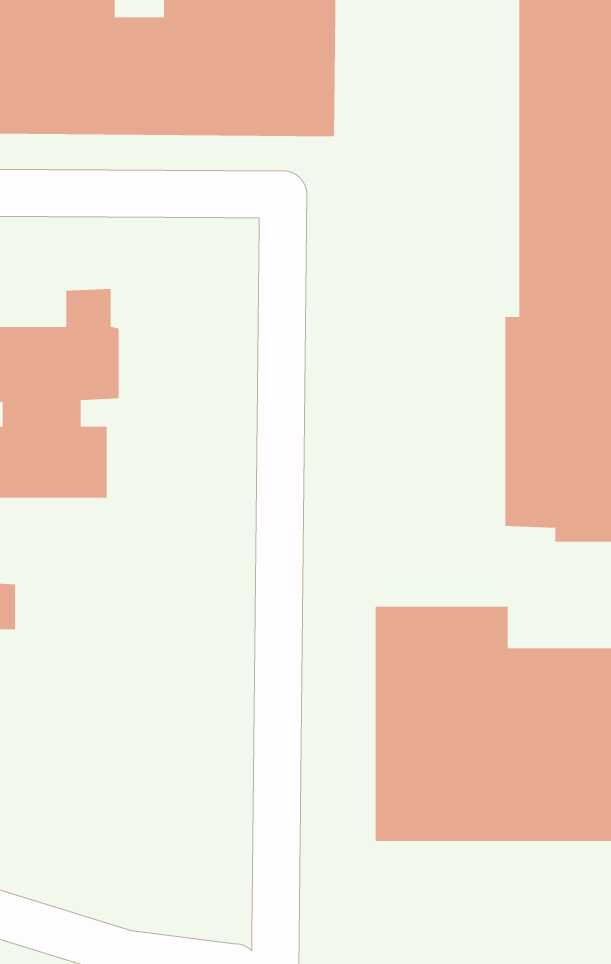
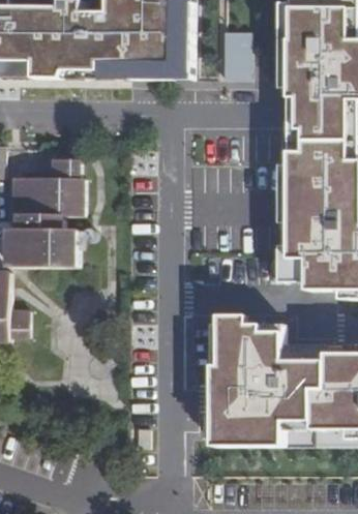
building: none -> [223,30,250,78]

